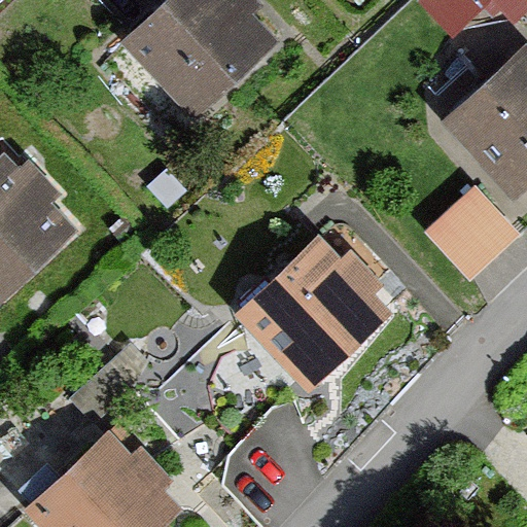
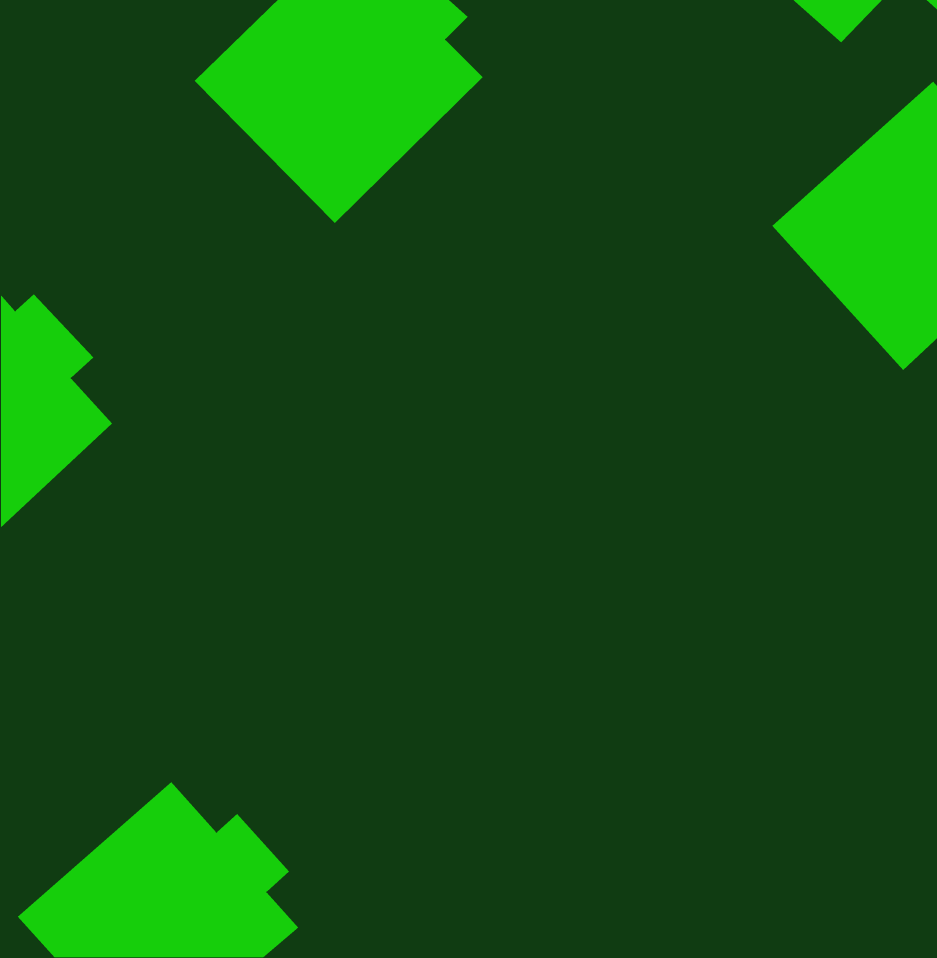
building: [429,194,517,281] -> none
building: [231,236,392,394] -> none

